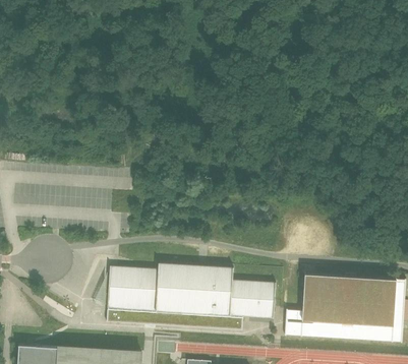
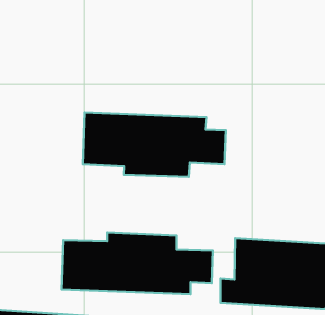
building: none -> [83,113,226,177]

